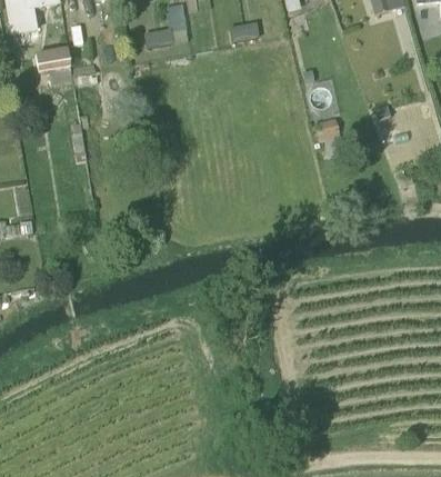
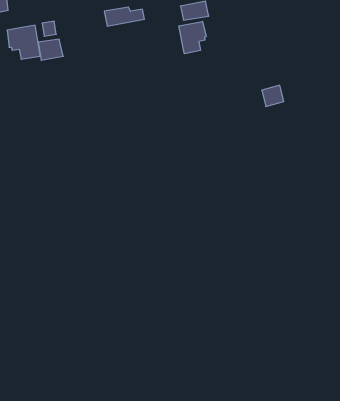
building: none -> [179,21,206,54]

